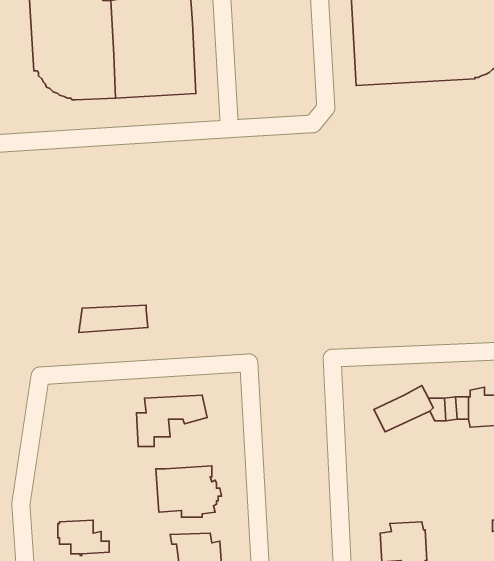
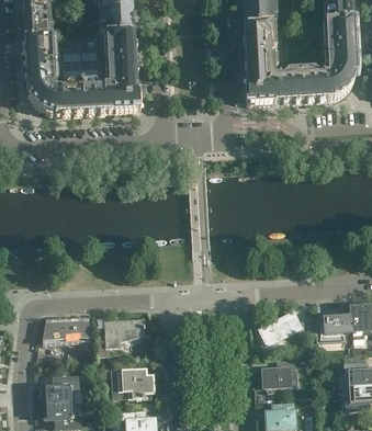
building: [79,305,148,332] -> [43,319,90,338]
building: none -> [262,358,295,390]
building: none -> [43,377,77,402]

